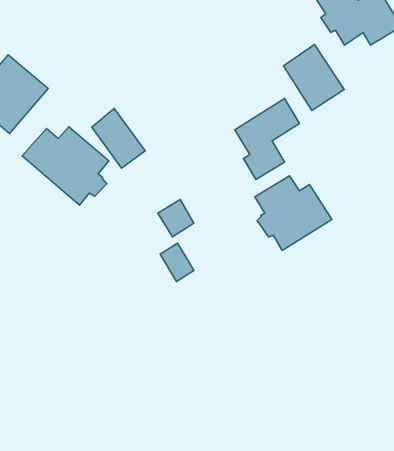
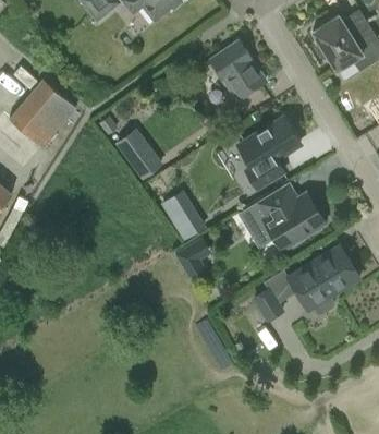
building: [283,45,344,111] -> [211,41,265,99]
building: [22,127,109,205] -> none
building: none -> [253,245,358,321]

